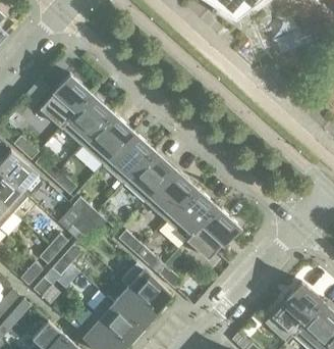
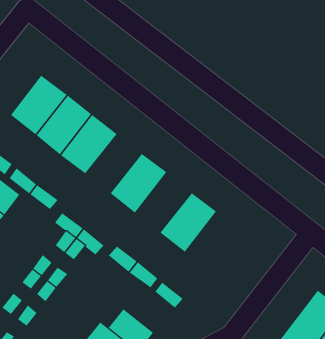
building: [103,132,154,184] -> none
building: [145,168,196,221] -> none
building: [186,206,238,260] -> none
building: [121,263,169,310] -> none

